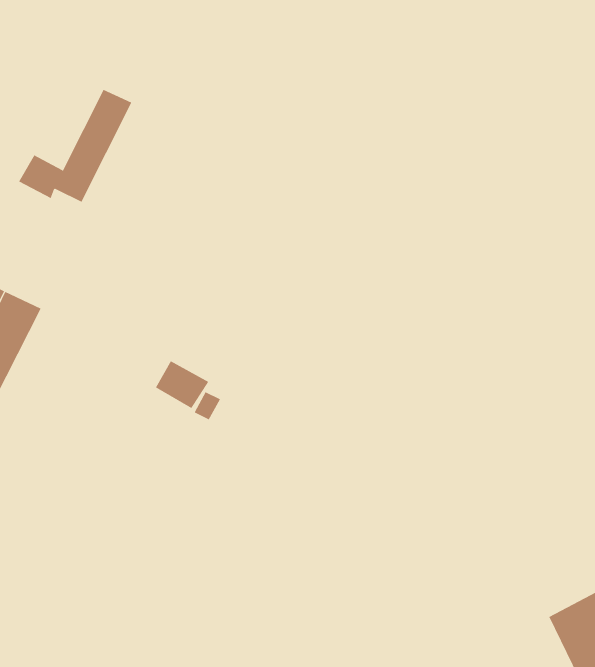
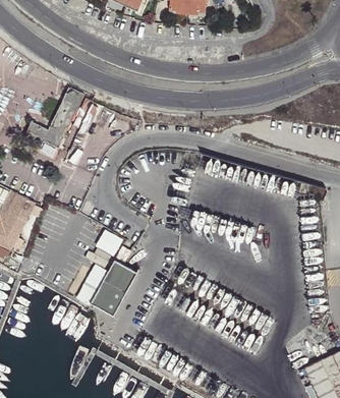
building: none -> [90,259,136,315]

